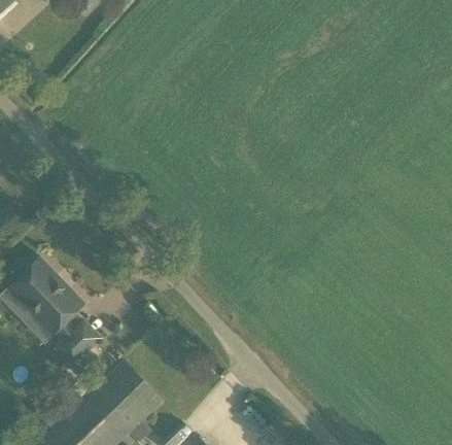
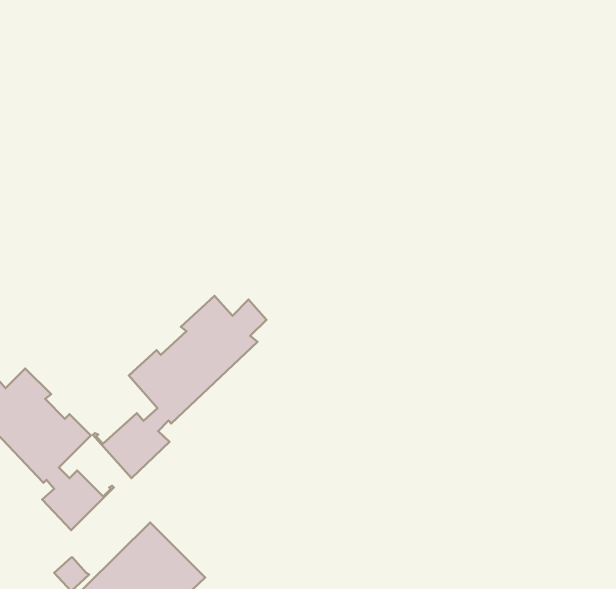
building: none -> [93,296,266,478]

